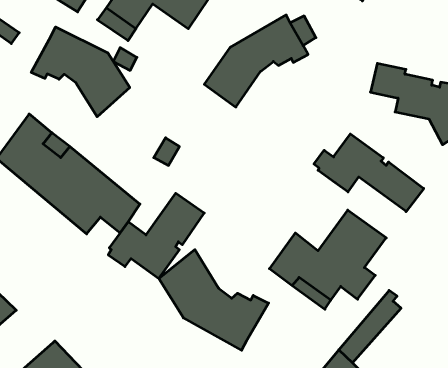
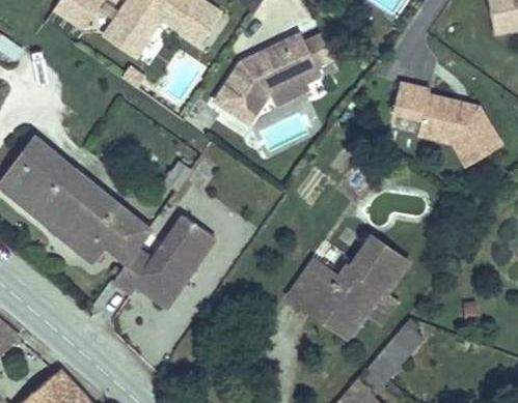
building: [31,27,130,117] -> none
building: [314,134,424,212] -> none
building: [159,250,269,350] -> none

